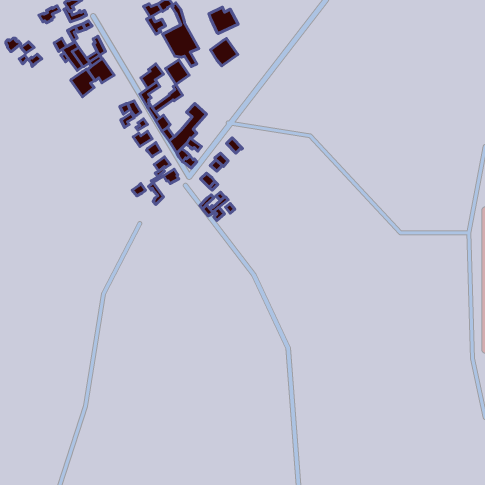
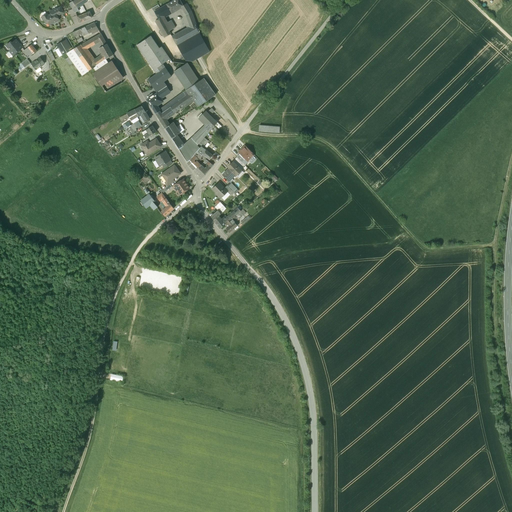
building: [209,7,238,34] -> none
building: none -> [137,35,169,73]
building: [210,38,238,66] -> [185,77,214,106]
building: [71,69,95,97] -> none

